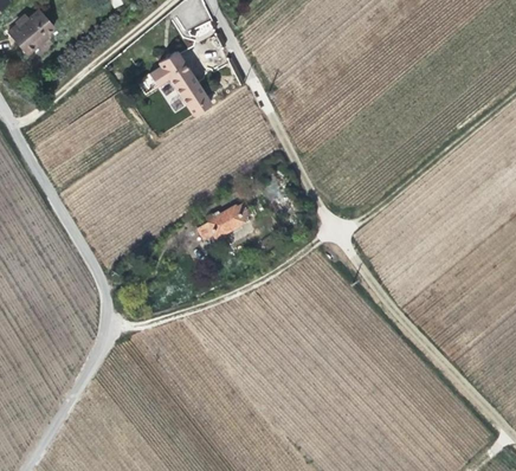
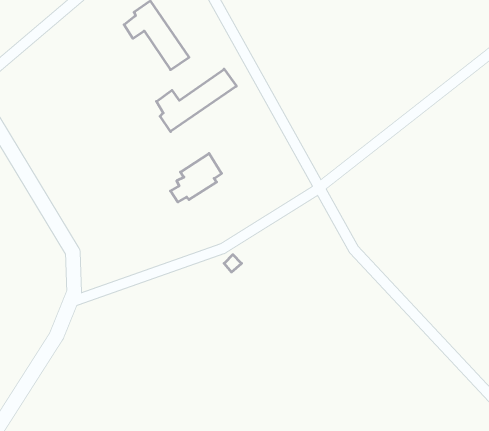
building: none -> [156,69,236,132]

